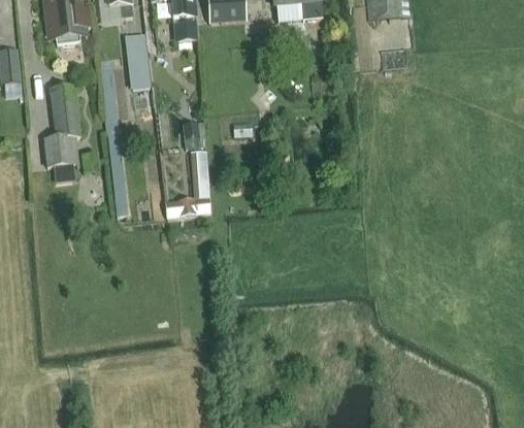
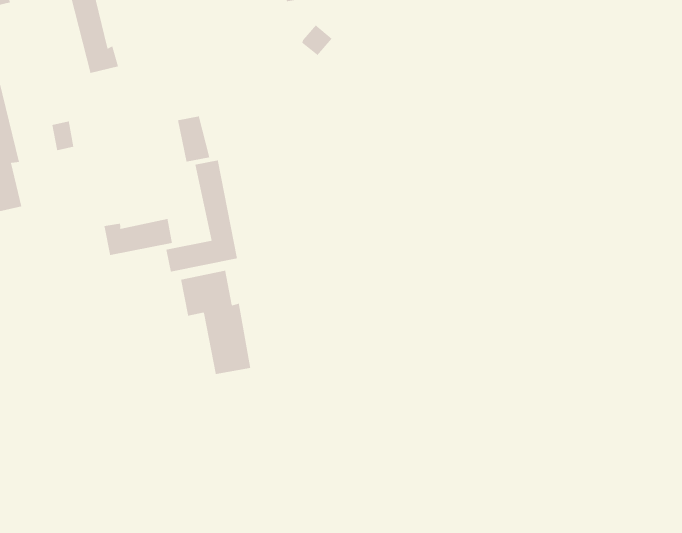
building: none -> [104,218,173,256]
building: none -> [181,270,251,375]

